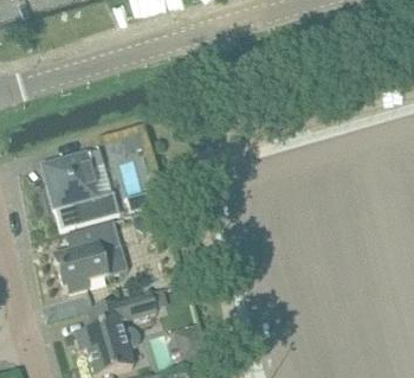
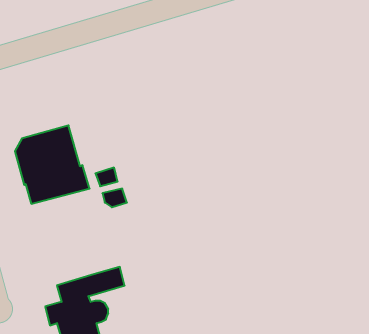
building: [54,225,118,297] -> none

